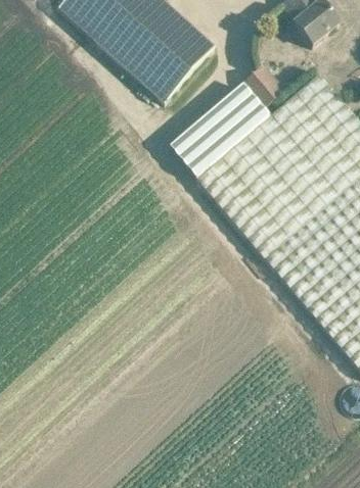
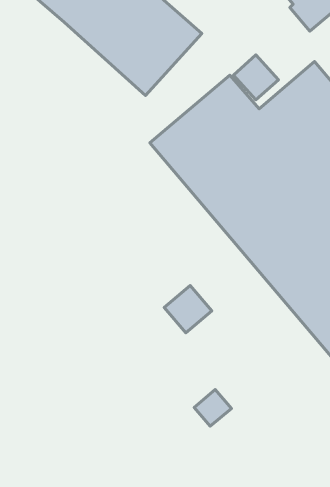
building: none -> [164,286,212,333]
building: none -> [194,390,231,426]

